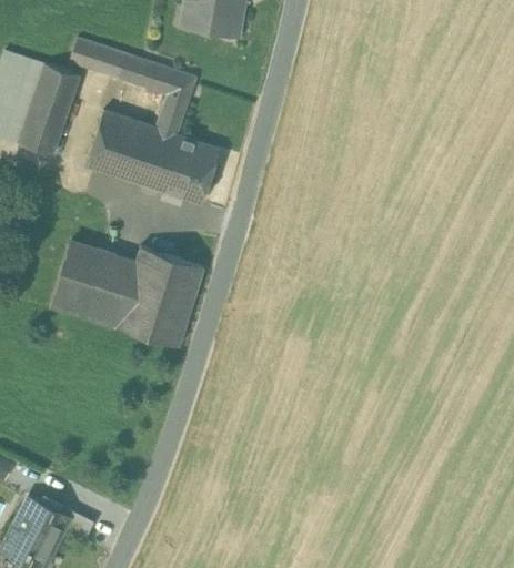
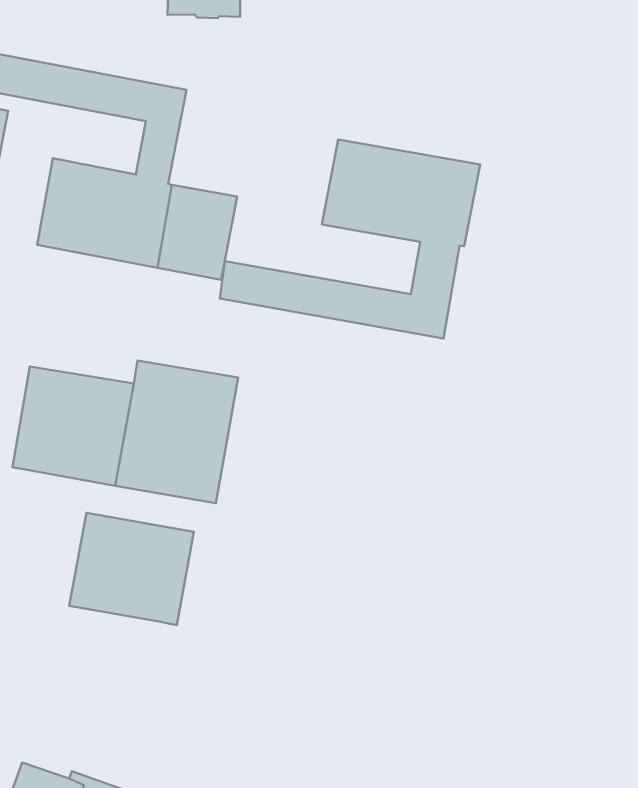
building: none -> [220,139,480,339]
building: none -> [69,513,194,625]

